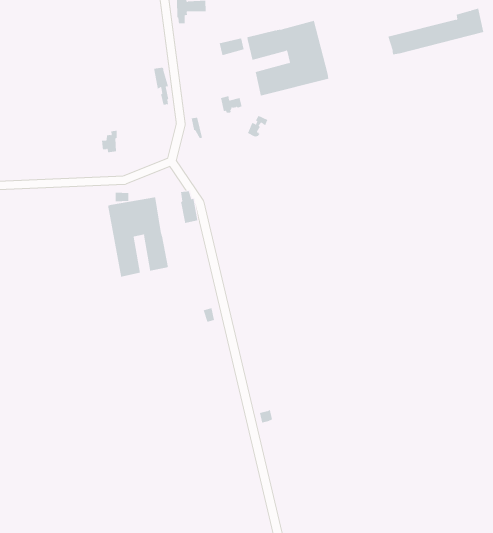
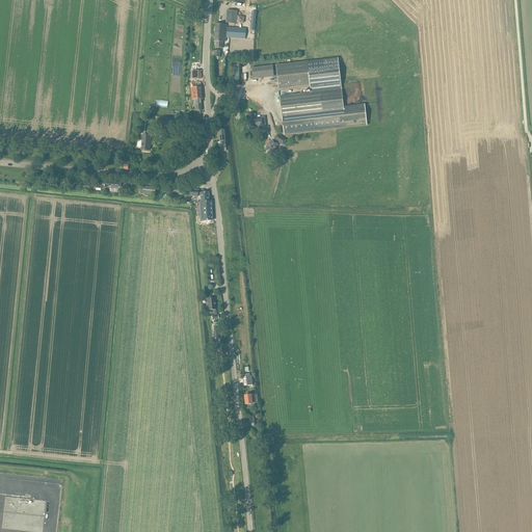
building: [387,8,484,55] -> [281,103,366,134]
building: [108,197,168,277] -> none

